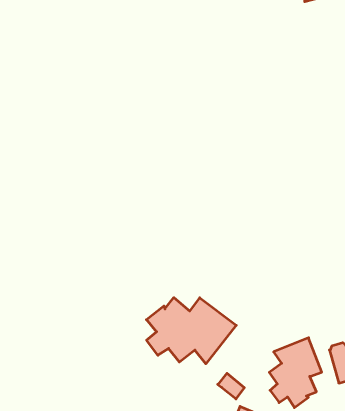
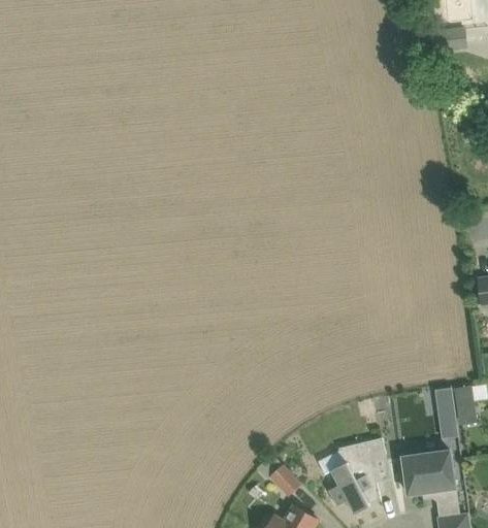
building: [146,298,236,364] -> none

